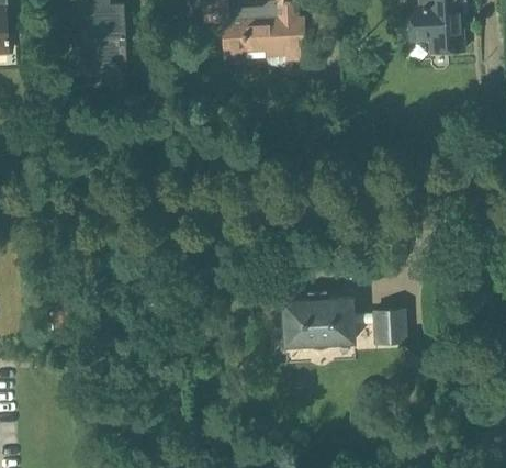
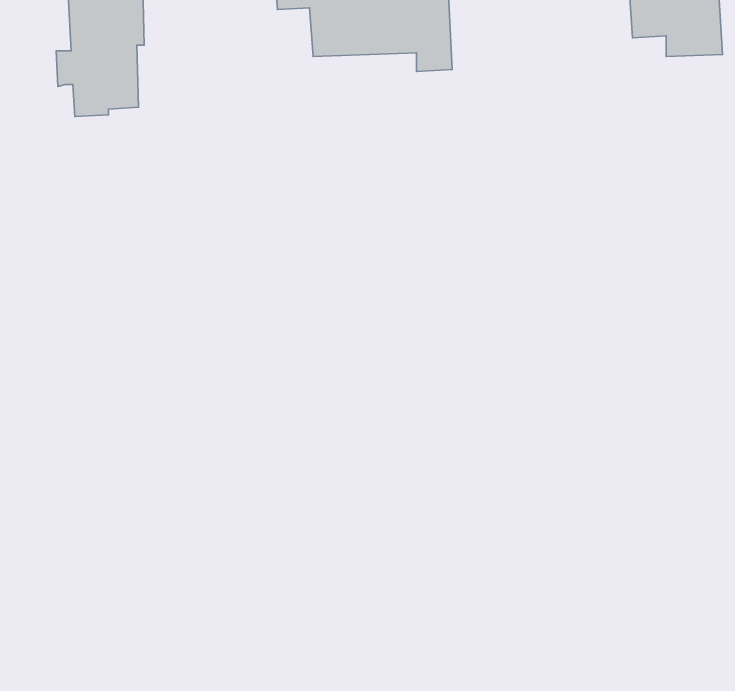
building: [282,292,405,350] -> none

